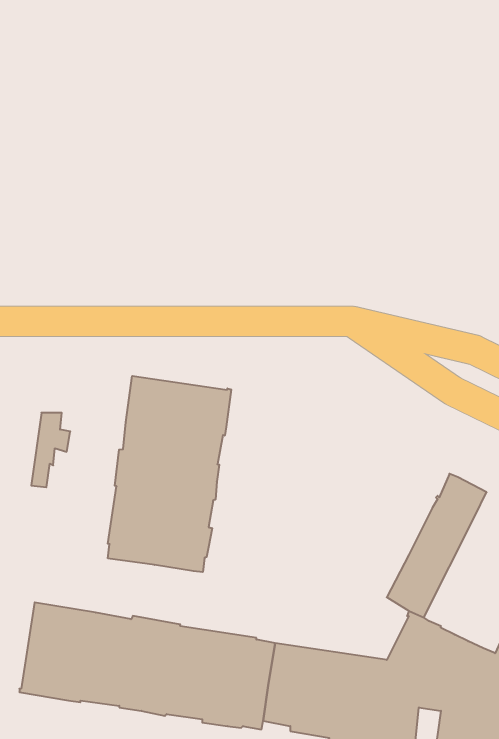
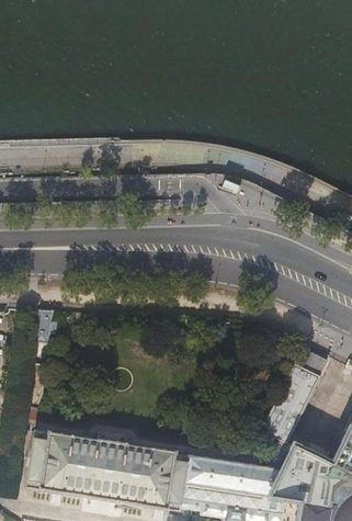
building: [108,376,231,572] -> none

